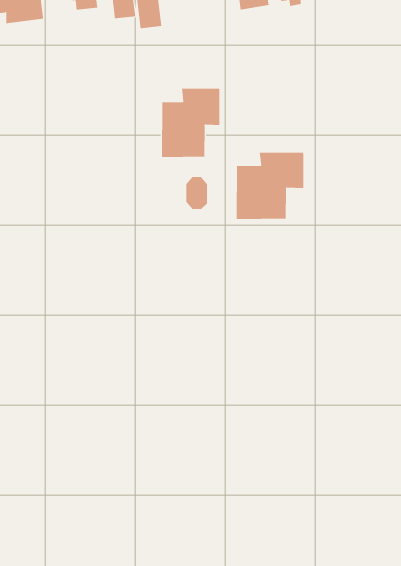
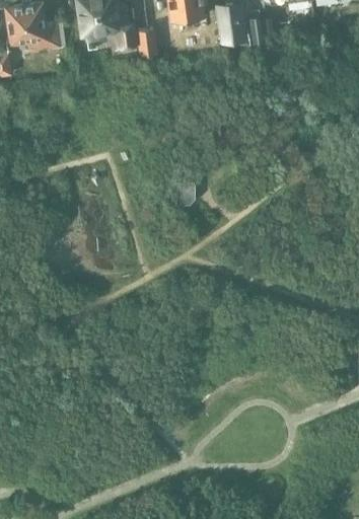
building: [162,88,220,158] -> none
building: [236,152,304,220] -> none

